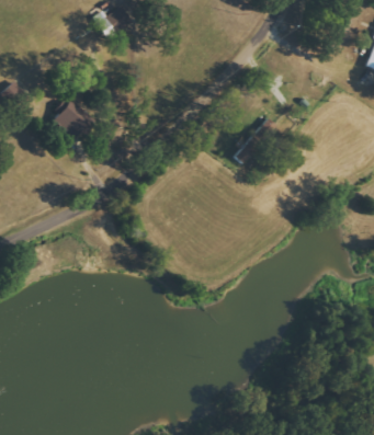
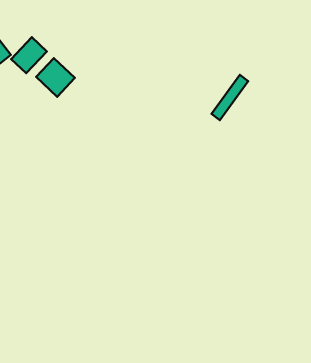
building: none -> [11,37,47,73]

